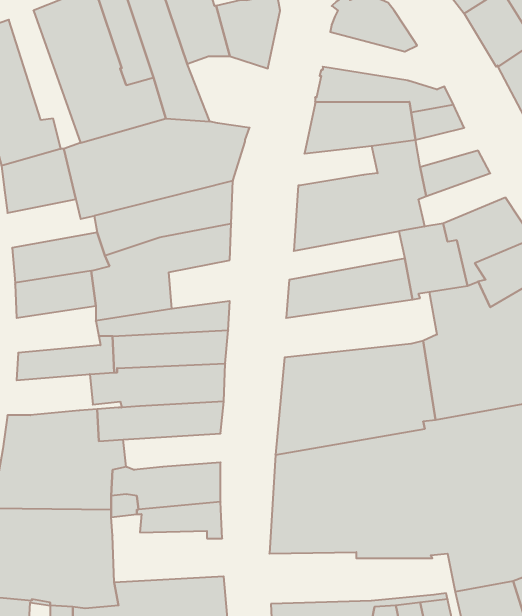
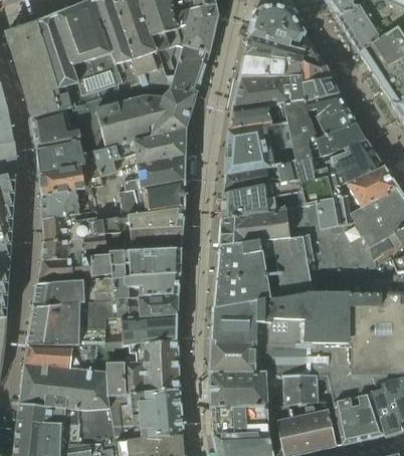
building: none -> [37,16,84,107]
building: none -> [244,30,325,68]
building: none -> [155,46,208,93]
building: none -> [306,93,347,120]
building: none -> [229,105,280,132]
building: none -> [308,124,365,159]
building: none -> [36,141,95,173]
building: none -> [222,162,298,194]
building: none -> [143,181,183,213]
building: none -> [219,202,320,245]
building: none -> [42,211,97,242]
building: none -> [38,256,92,279]
building: none -> [113,295,177,319]
building: none -> [106,360,179,394]
building: none -> [209,374,318,408]

